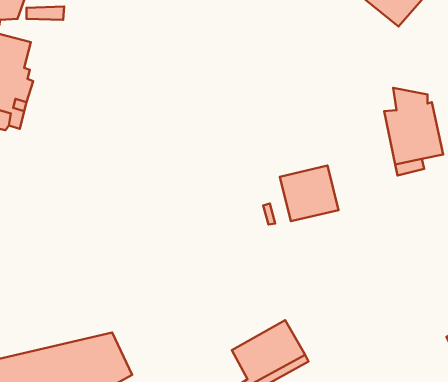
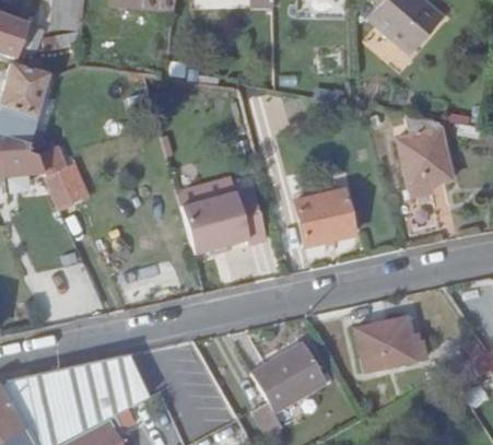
building: none -> [38,147,89,207]
building: none -> [184,189,269,254]
building: none -> [352,318,413,374]

